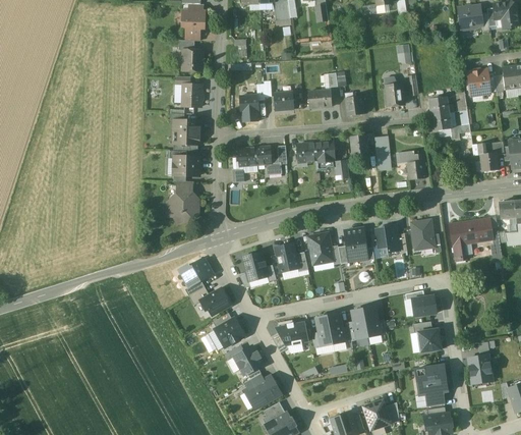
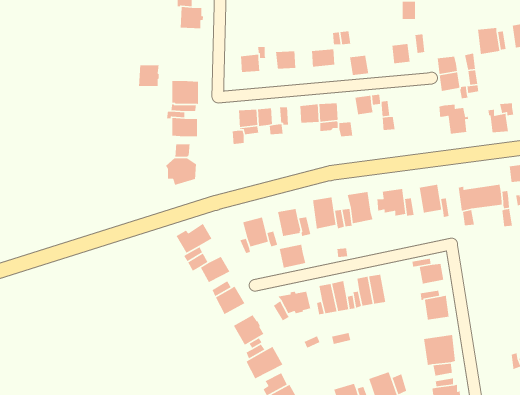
building: [182,85,202,106] -> [138,65,159,87]
building: [398,151,427,180] -> [438,104,469,135]
building: none -> [279,244,306,268]
building: [468,355,493,384] -> none

